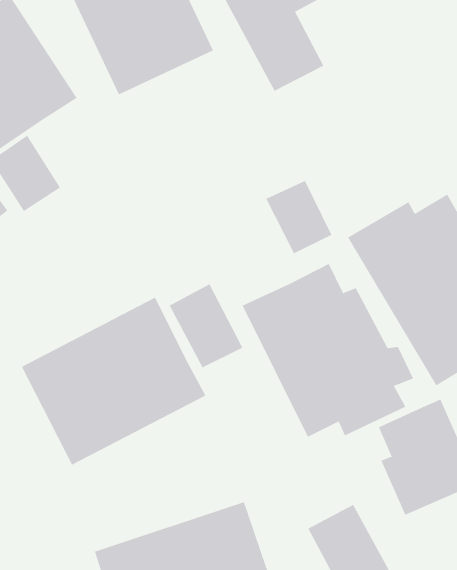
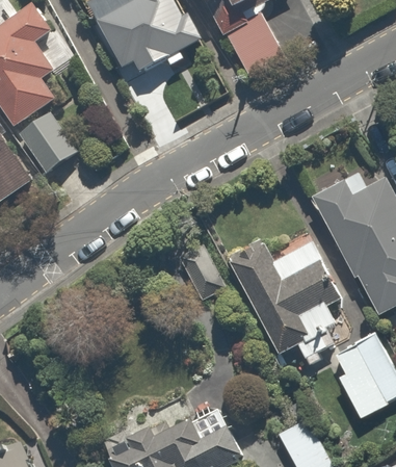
building: [266,180,332,254] -> none
building: [21,297,206,466] -> none

